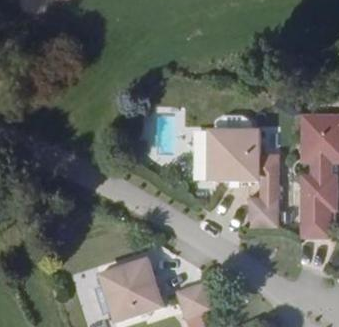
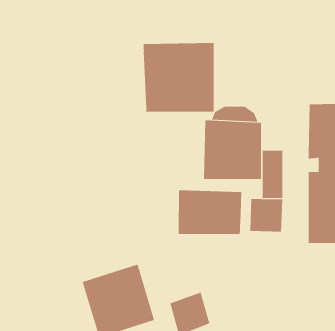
building: none -> [143,42,214,112]
building: none -> [178,189,242,235]

